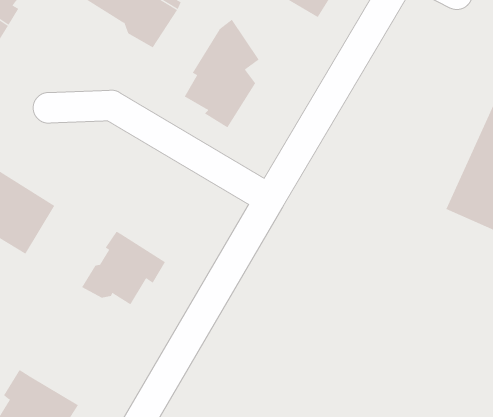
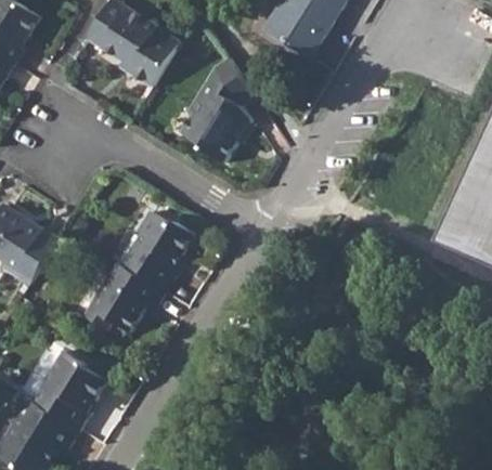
building: none -> [122,211,195,291]
building: none -> [35,350,108,429]

